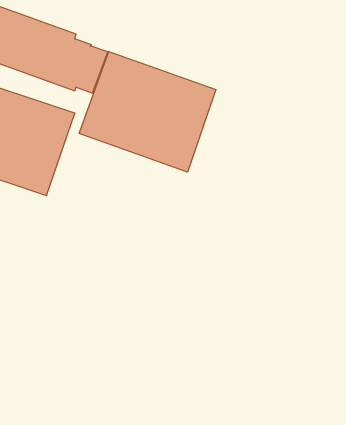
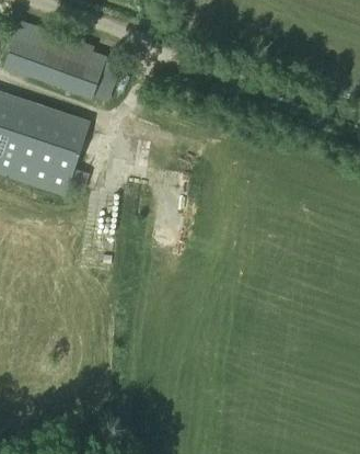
building: [79,51,216,172] -> none

